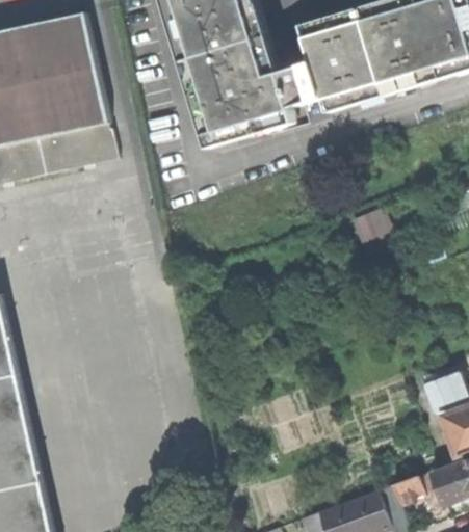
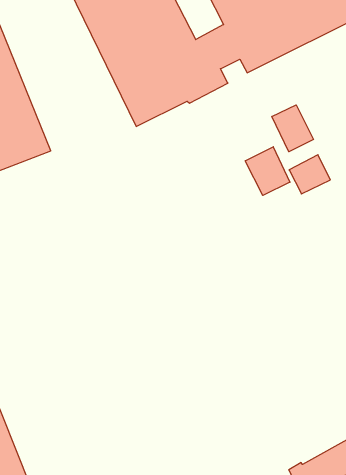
building: none -> [272,105,313,152]
building: none -> [245,147,290,195]

